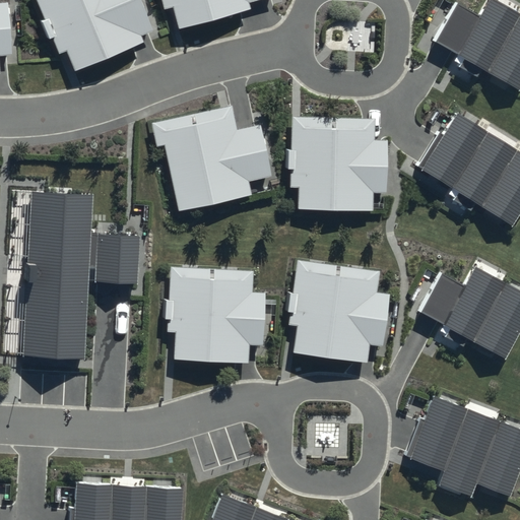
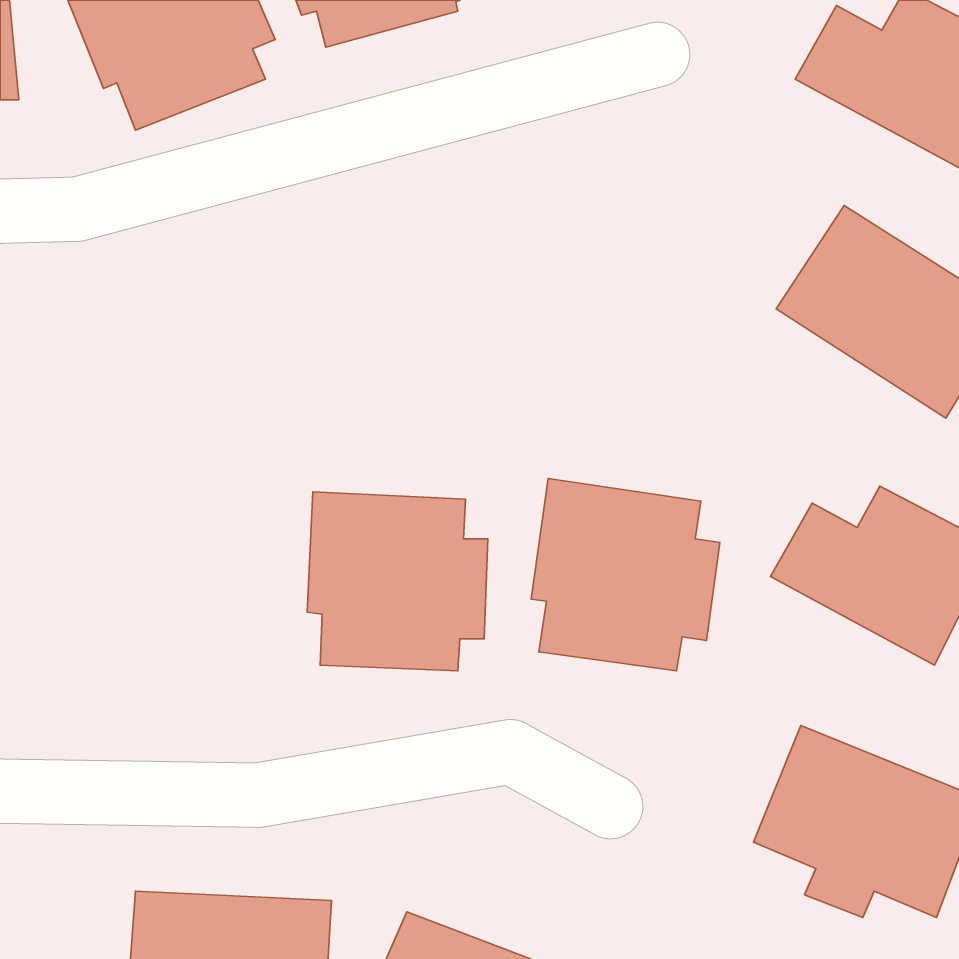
building: [151,106,272,211] -> none
building: [289,116,387,212] -> none
building: [23,192,141,360] -> none

